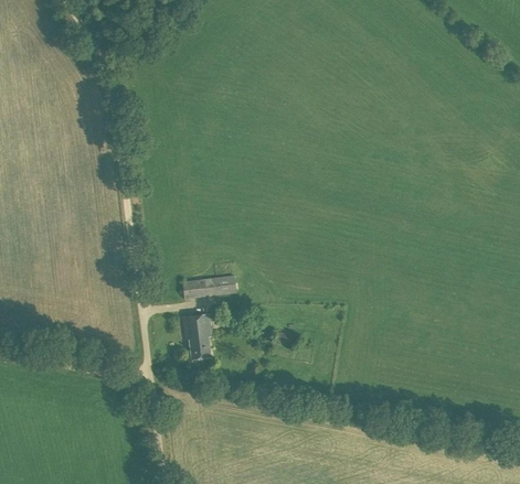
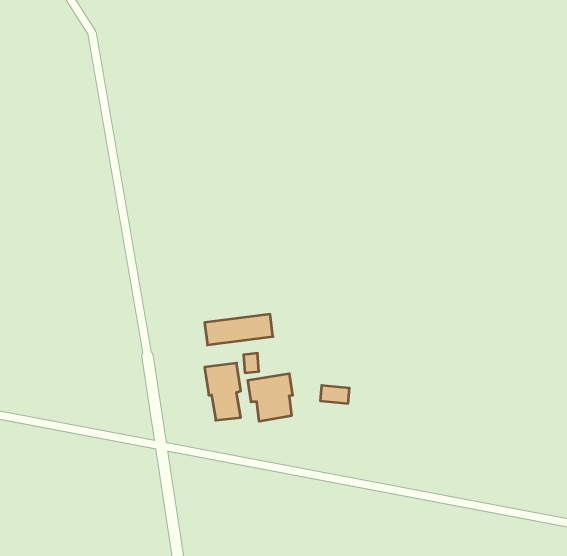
building: none -> [248,374,293,421]

